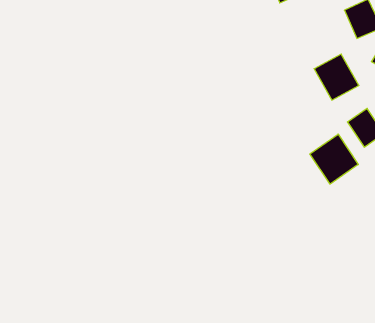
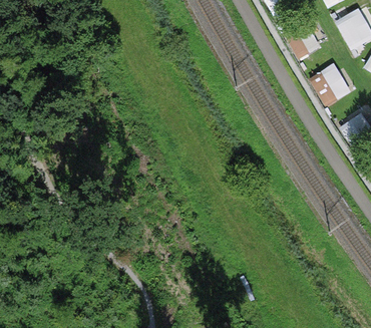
building: [310,134,358,184] -> none

